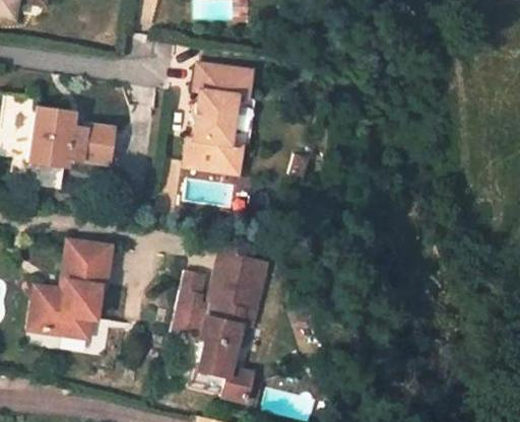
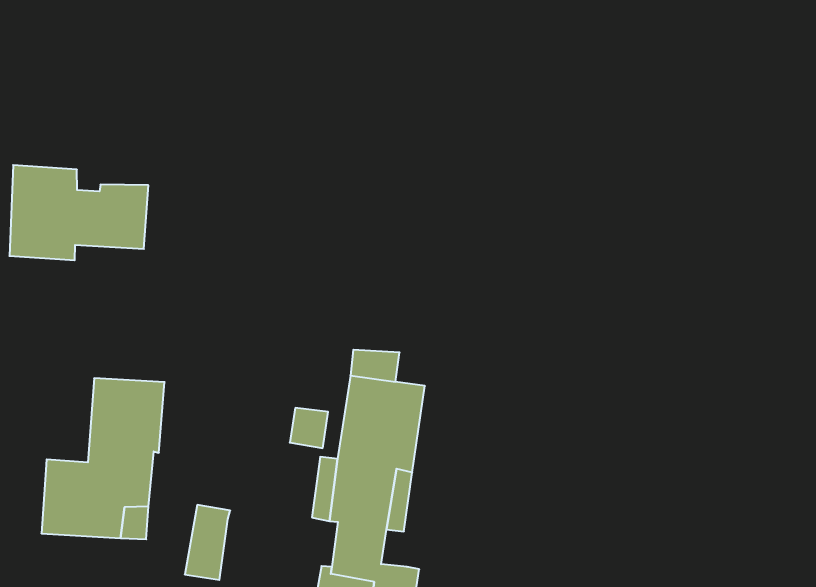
building: [182,62,252,172] -> none
building: [172,288,202,334] -> [185,505,230,580]

